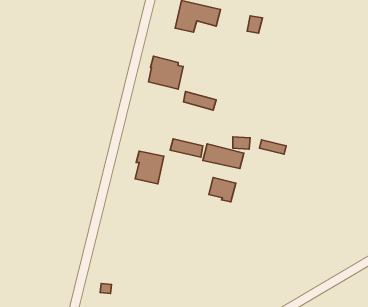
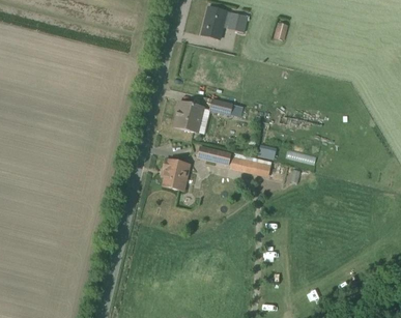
building: [148,56,183,89] -> [173,100,208,134]
building: [209,177,236,202] -> none

